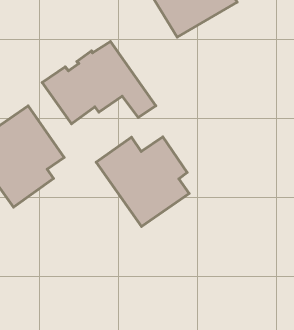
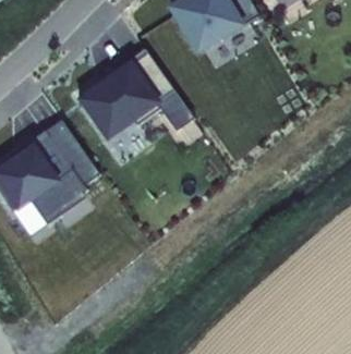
building: [96,137,189,227] -> none

